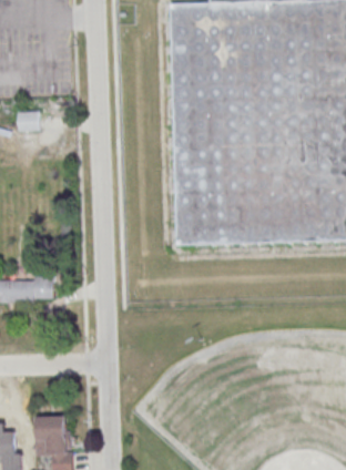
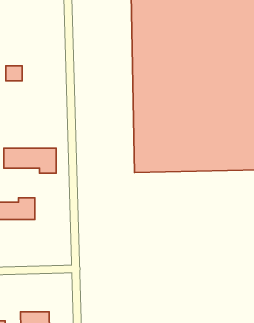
building: none -> [4,148,56,173]

